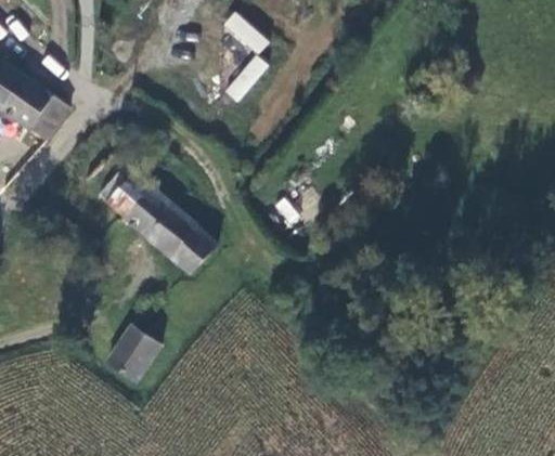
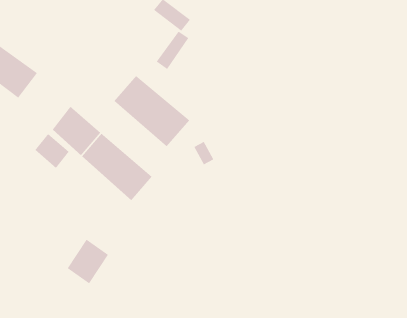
building: none -> [113,75,190,147]
building: none -> [34,133,70,169]

